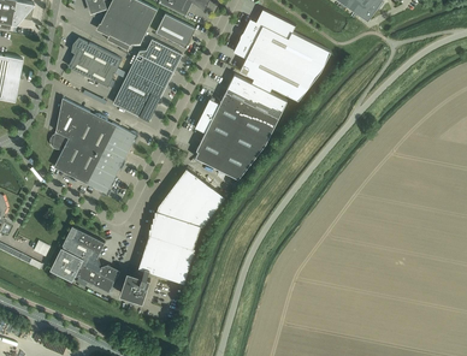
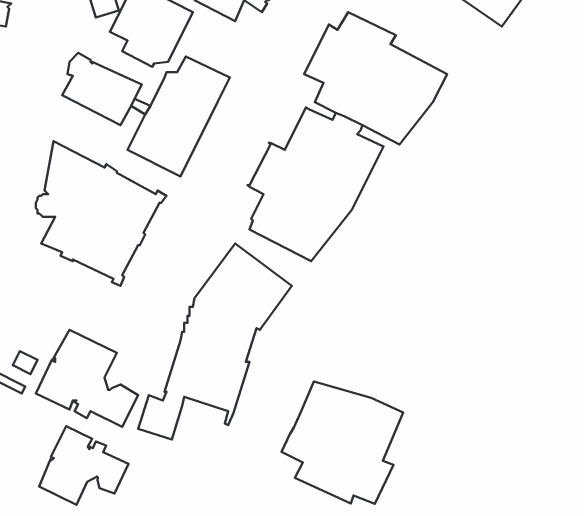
building: [155,13,194,47] -> none
building: none -> [282,381,403,504]
building: none -> [39,426,129,505]

